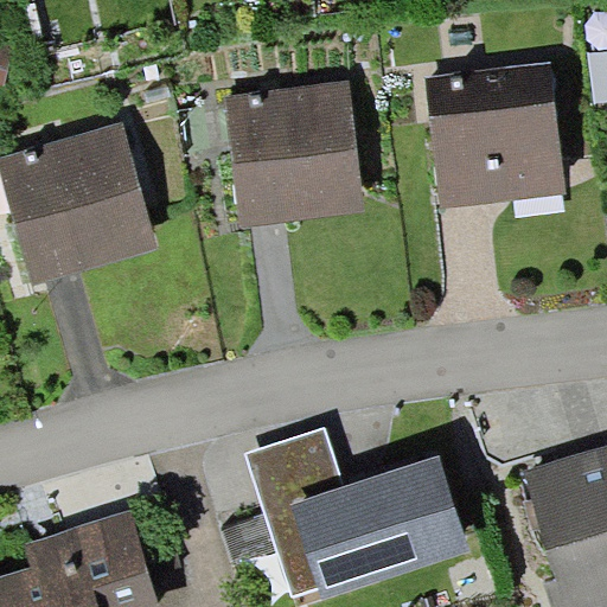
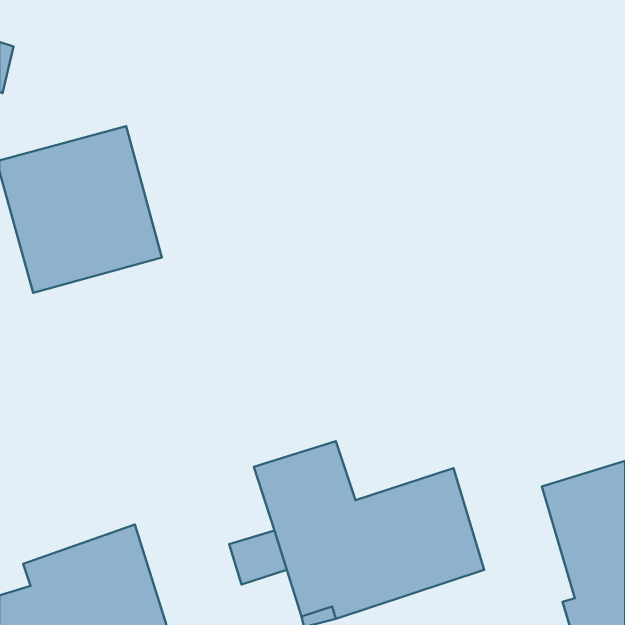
building: [426,63,566,207] -> none
building: [224,81,365,228] -> none

